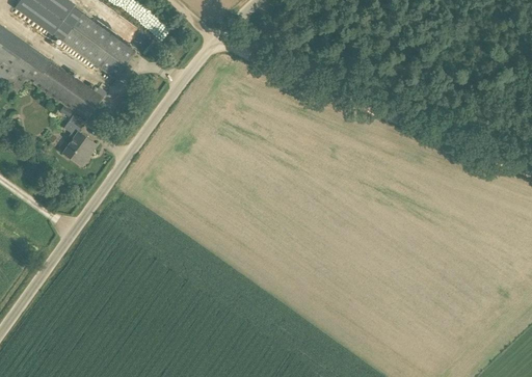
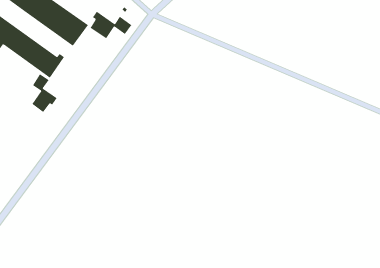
building: none -> [90,11,132,39]

